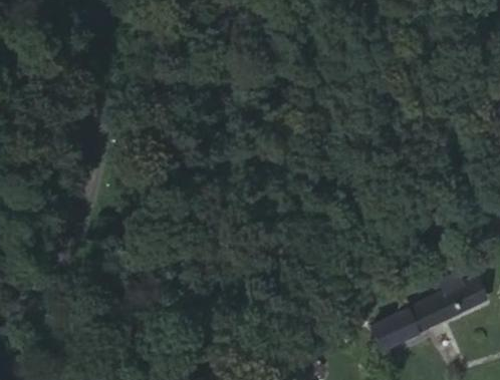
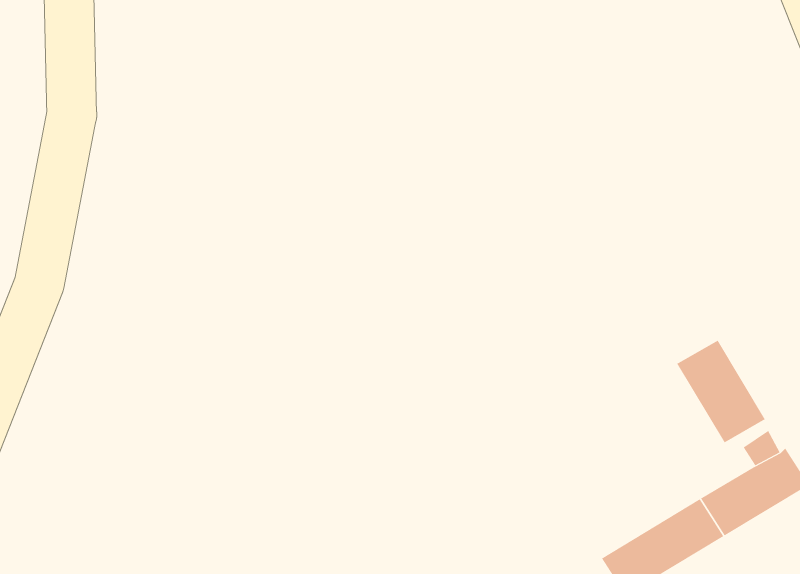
building: none -> [677,340,766,443]

